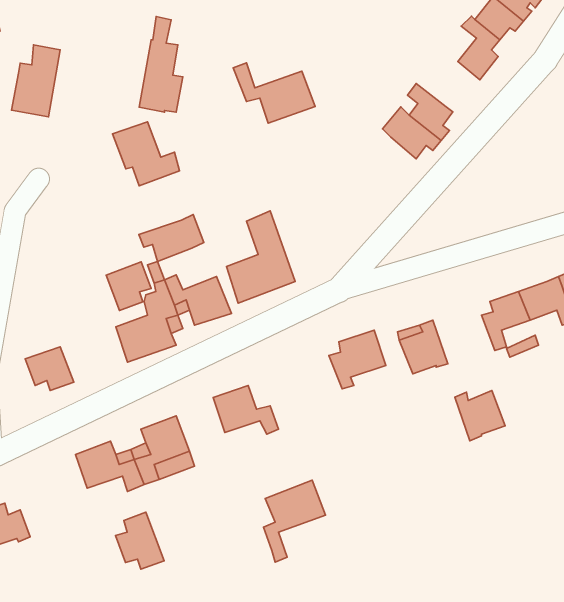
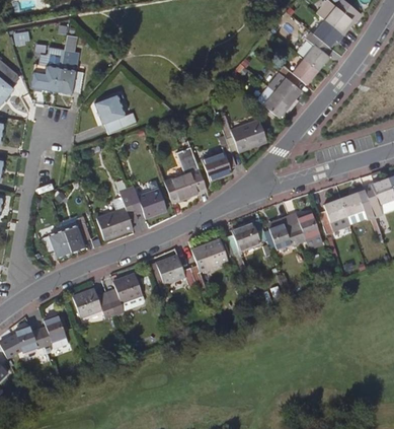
building: [139,16,183,112] -> [57,38,83,95]
building: none -> [279,59,317,86]
building: [233,63,315,123] -> [218,116,267,152]
building: none -> [202,146,236,182]
building: [139,214,204,261] -> none
building: [106,262,151,310] -> [64,223,91,253]
building: [455,391,505,441] -> [289,211,319,241]
building: [264,480,326,562] -> [190,238,228,288]
building: [116,512,164,569] -> [40,315,69,350]

